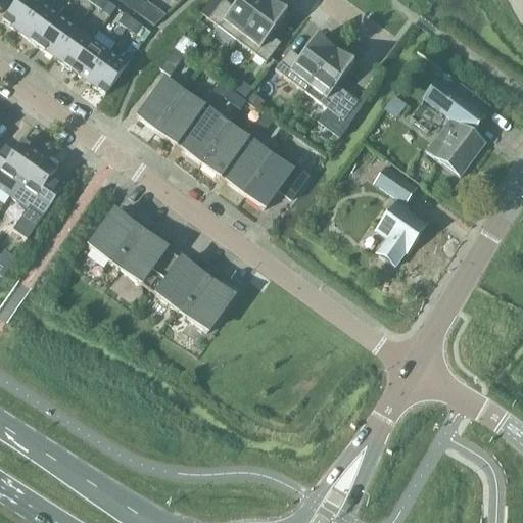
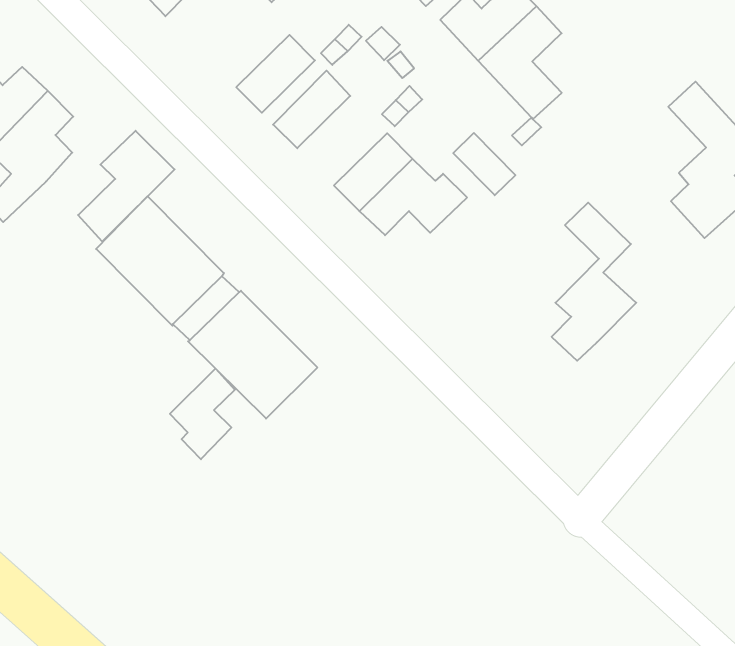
building: [138,77,184,128] -> none
building: [200,122,246,173] -> none
building: none -> [453,133,515,195]
building: none -> [78,131,175,241]
building: none -> [170,368,235,459]

